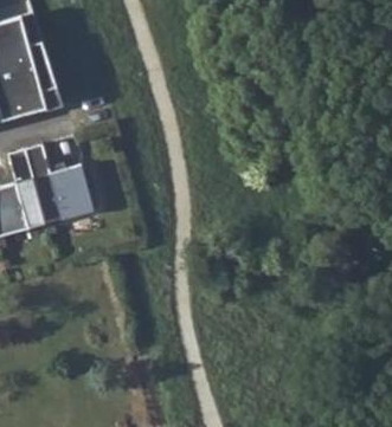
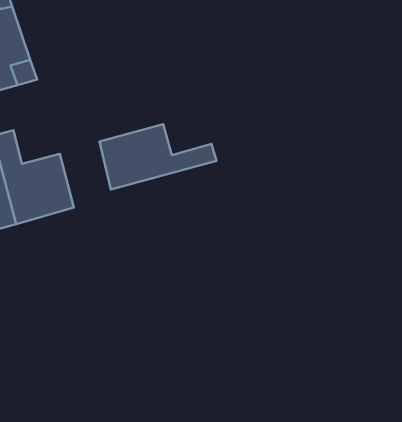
building: none -> [100,124,216,189]

